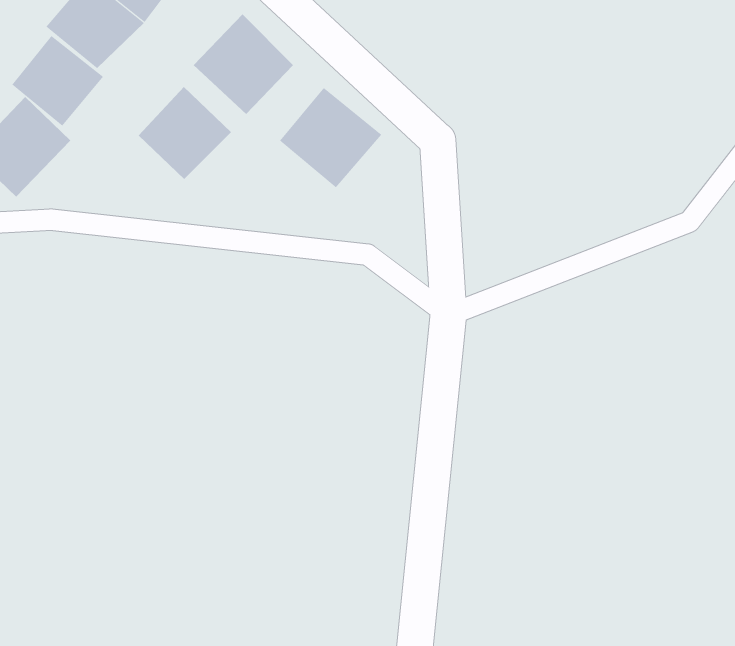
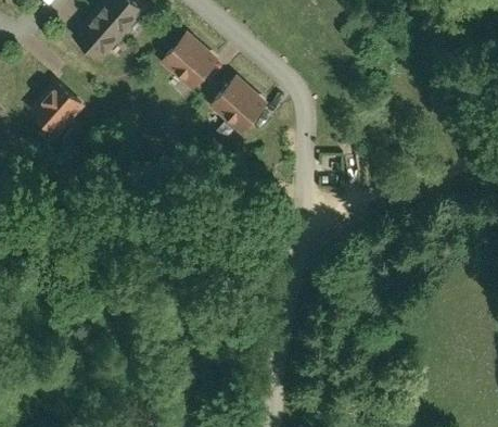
building: [11,35,104,126] -> none
building: [138,86,232,180] -> none

